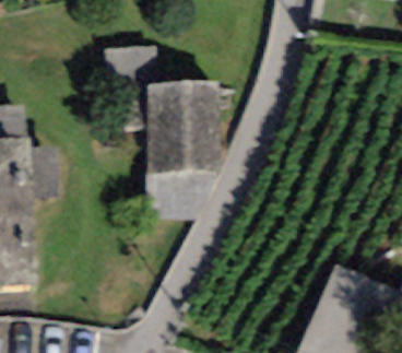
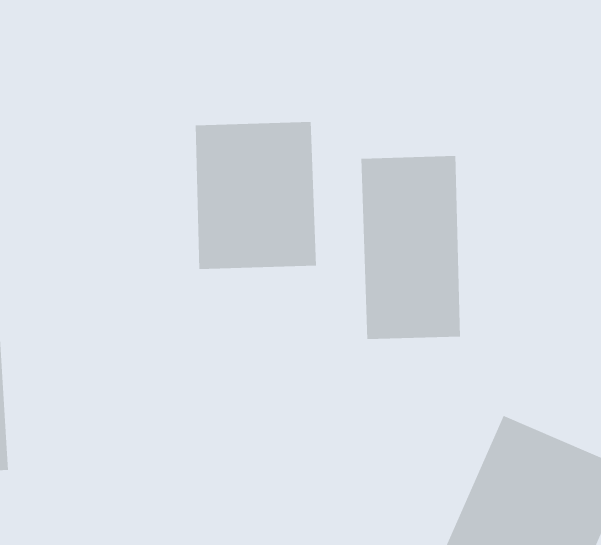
building: none -> [361,155,460,340]

